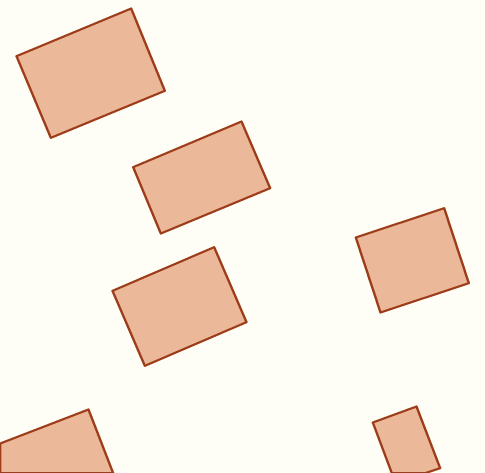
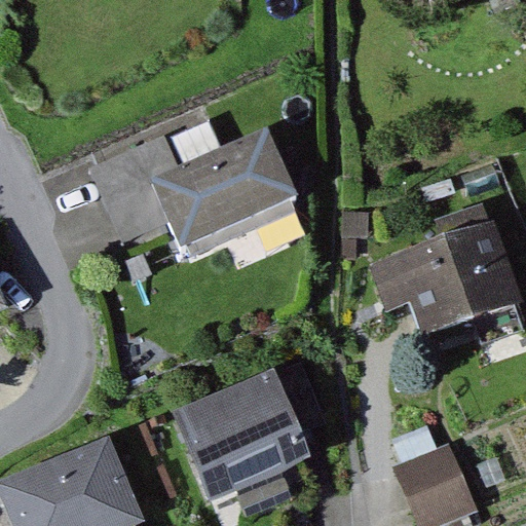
building: [17,9,165,138] -> none
building: [113,247,247,366] -> [182,367,327,495]

